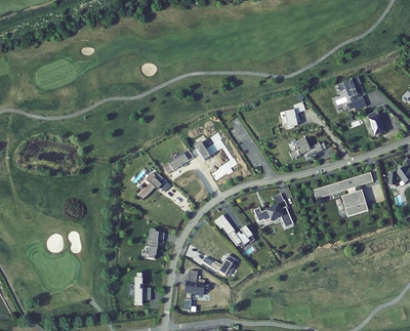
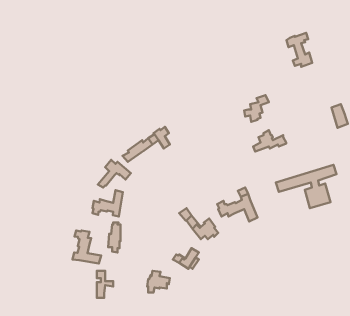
building: [340,75,366,109] -> [287,33,312,67]
building: none -> [93,190,123,217]
building: none -> [73,230,101,263]

